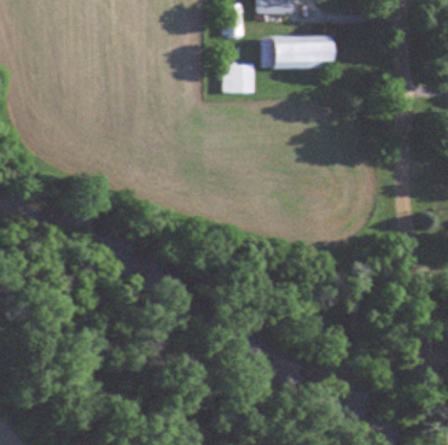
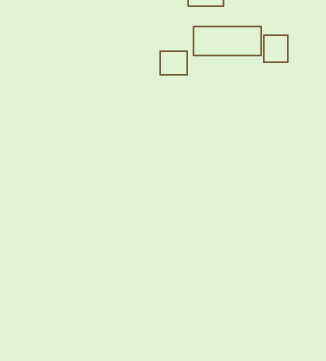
building: none -> [264,35,288,62]

